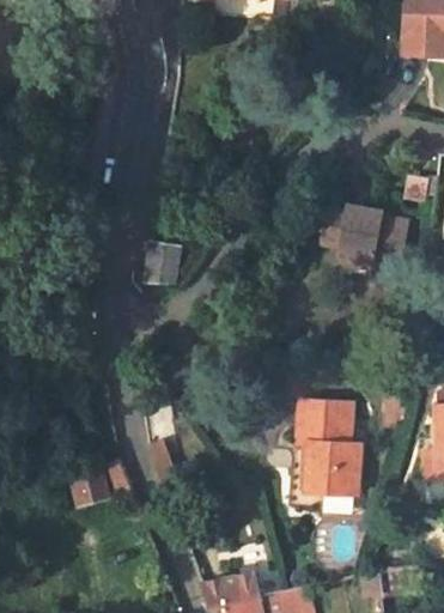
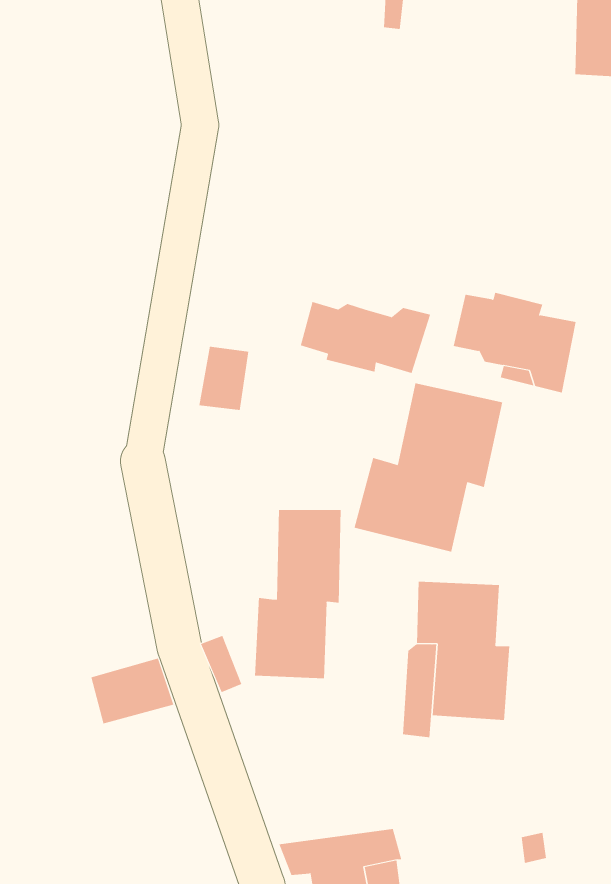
building: none -> [300,301,431,374]
building: none -> [354,382,503,552]
building: none -> [254,509,341,679]

